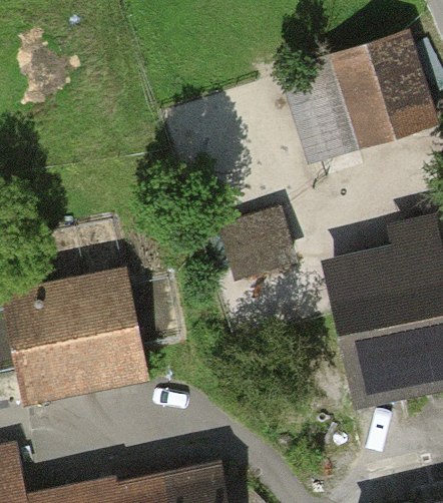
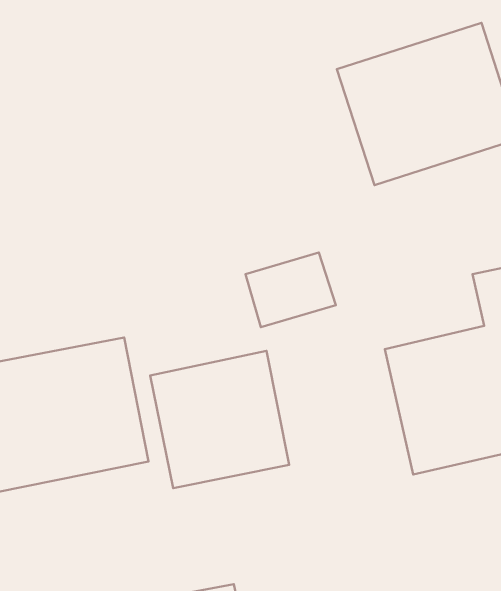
building: none -> [150,351,289,488]

